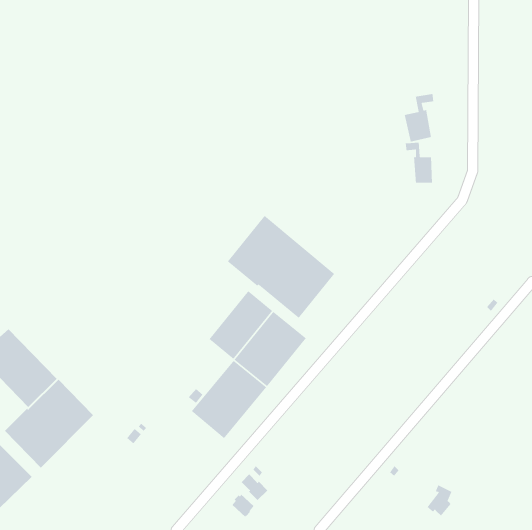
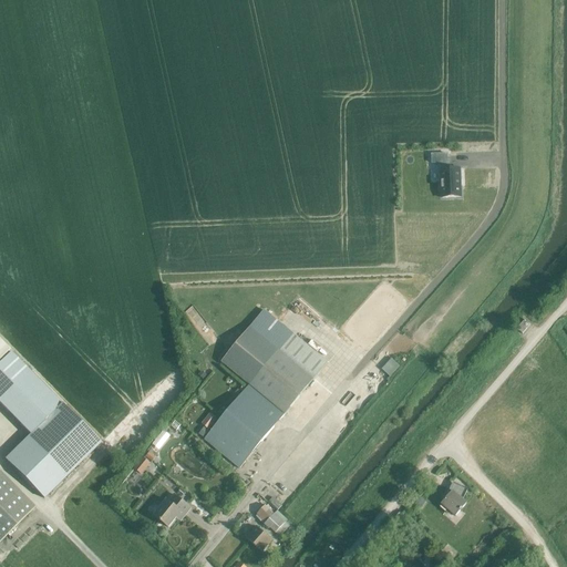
building: [404,93,434,143] -> none
building: [227,215,335,319] -> none
building: none -> [154,493,190,526]
building: [426,484,453,517] -> [439,480,466,514]

